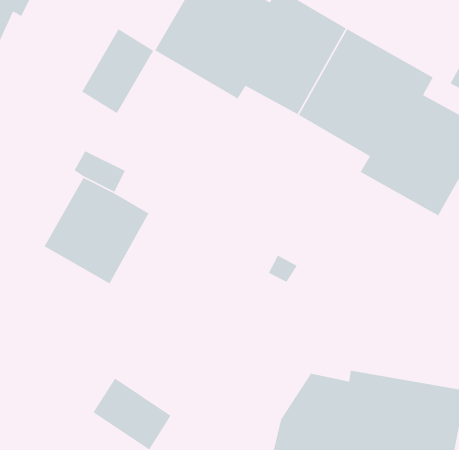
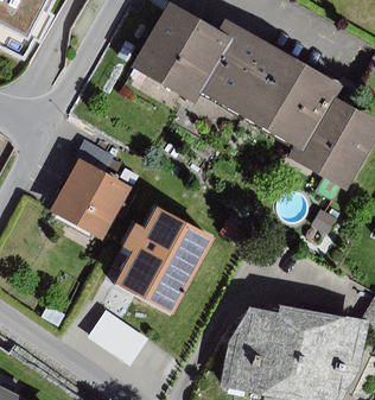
building: [81,28,154,114] -> none
building: none -> [116,207,216,315]

